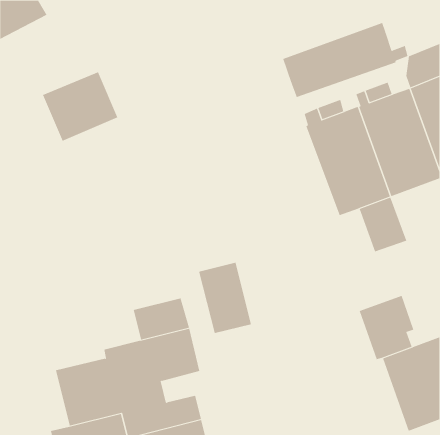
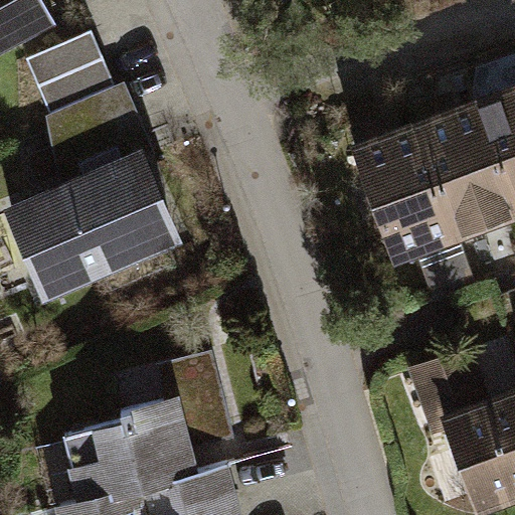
building: [283,22,408,98] -> none
building: none -> [26,36,115,118]
building: none -> [12,162,174,294]
building: [199,262,251,334] -> none

